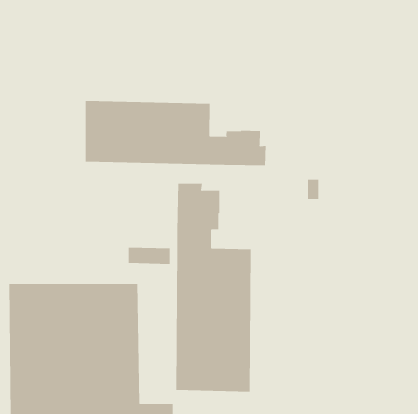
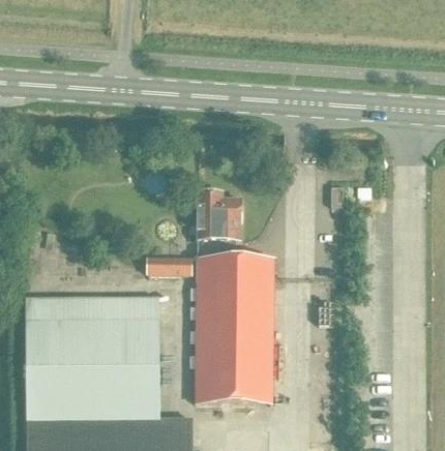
building: [85,100,266,166] -> none

